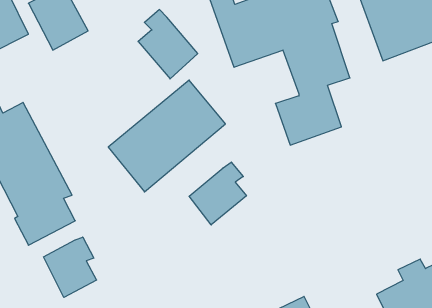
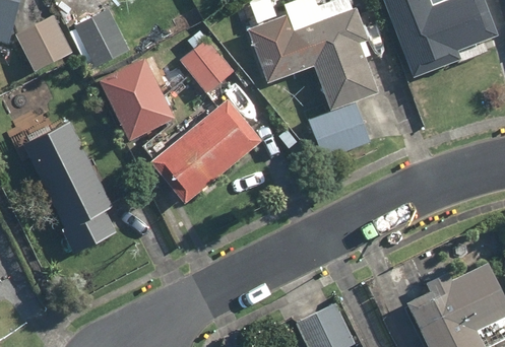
building: none -> [98,56,175,140]
building: [189,162,246,225] -> none
building: [44,237,97,297] -> none

